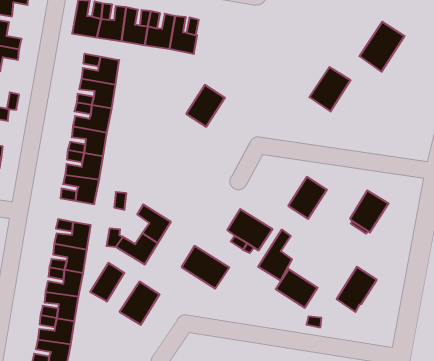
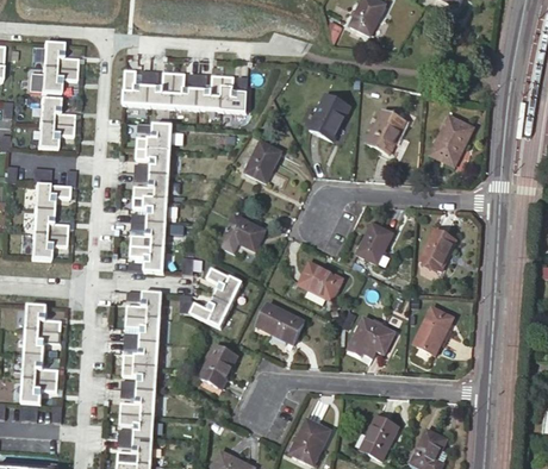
building: [359,22,405,72] -> [430,115,473,165]
building: none -> [309,93,350,140]
building: none -> [224,214,266,250]
building: [258,230,292,281] -> none
building: [90,263,124,302] -> none

